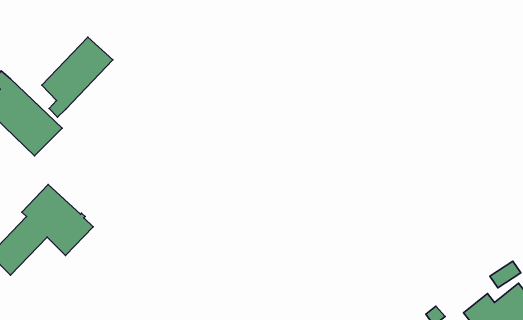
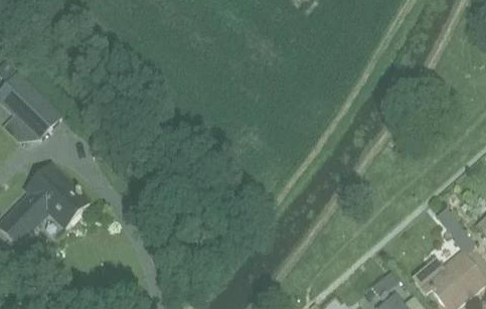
building: [42,37,113,117] -> none

